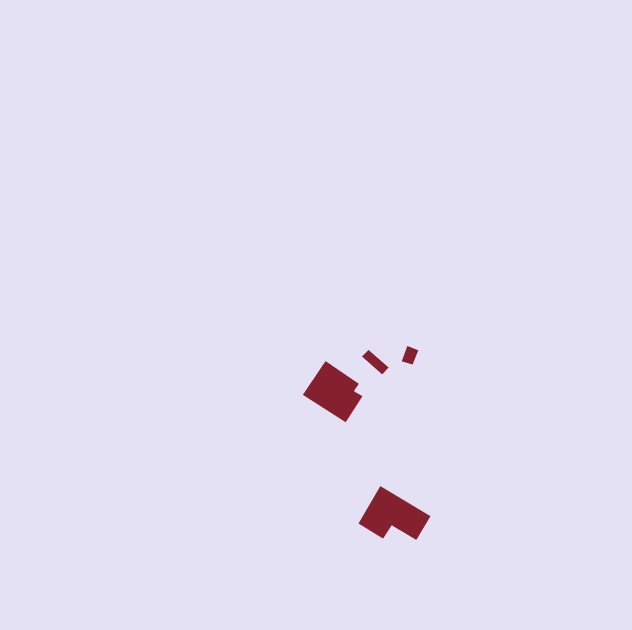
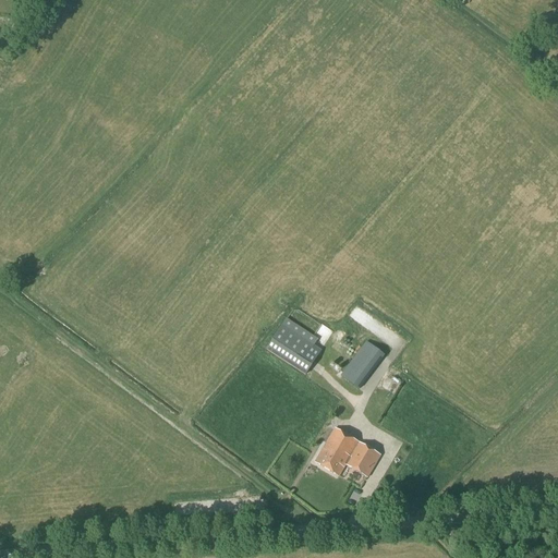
building: none -> [340,340,384,388]

